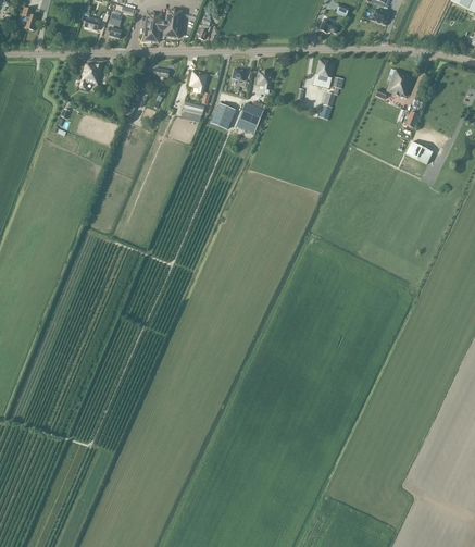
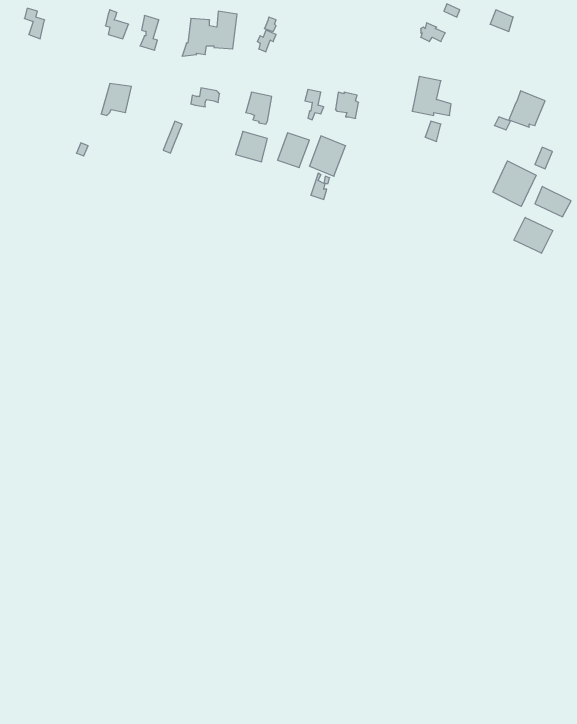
building: none -> [493,161,536,206]
building: none -> [514,217,553,253]

